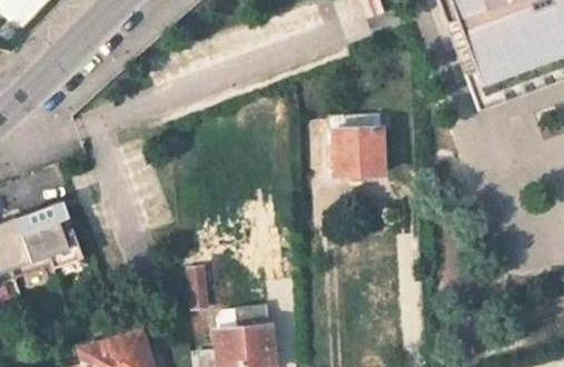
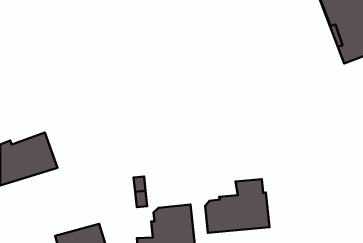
building: [333,113,385,175] -> none
building: none -> [205,179,269,233]

